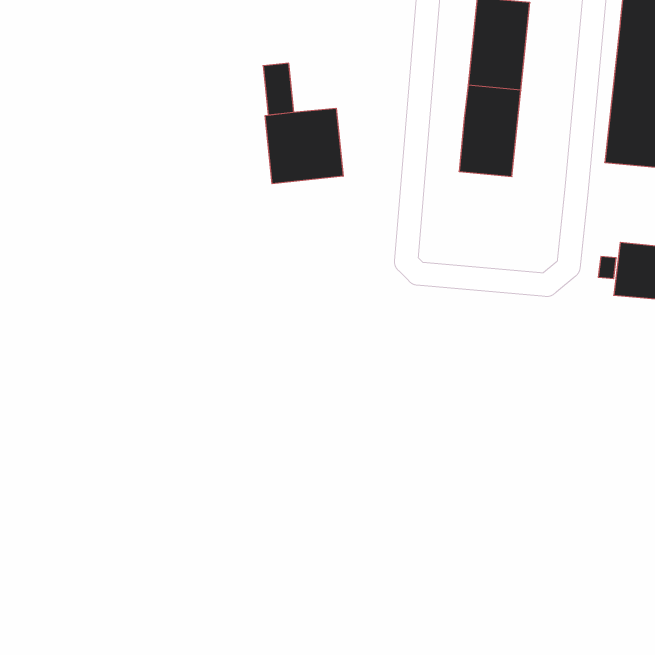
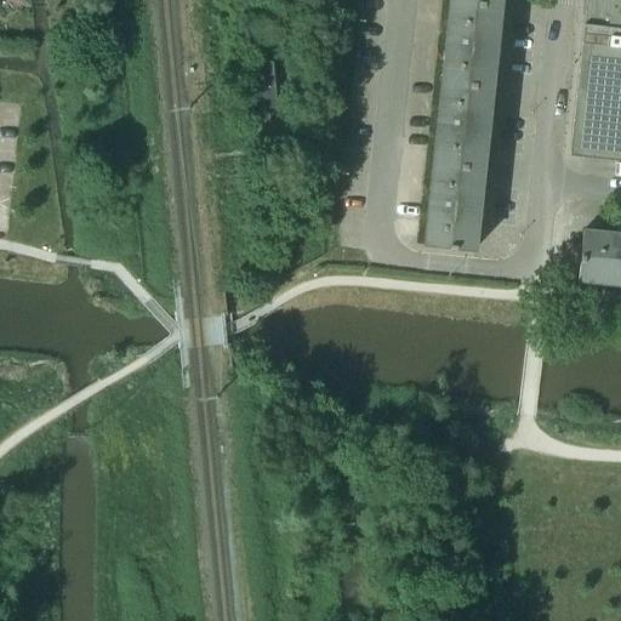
building: [265,108,343,184] -> none
building: none -> [428,161,485,249]

